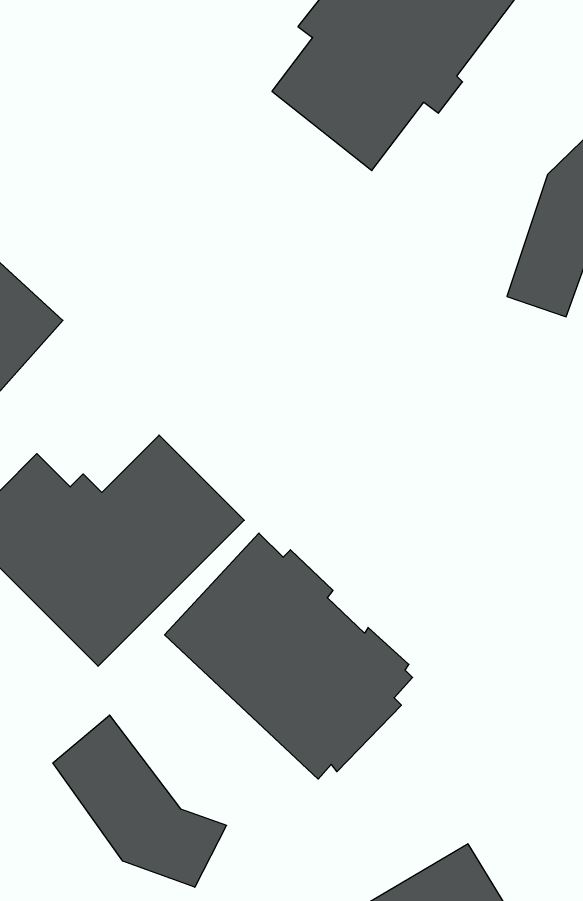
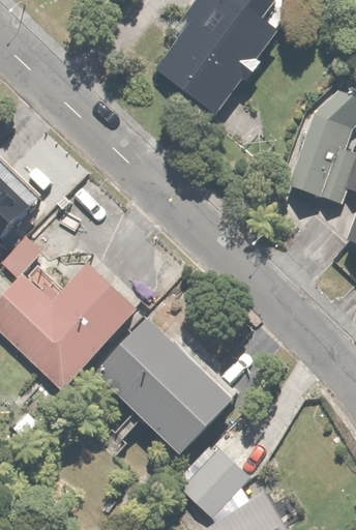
building: [53,715,227,887] -> none
building: none -> [180,447,247,516]

